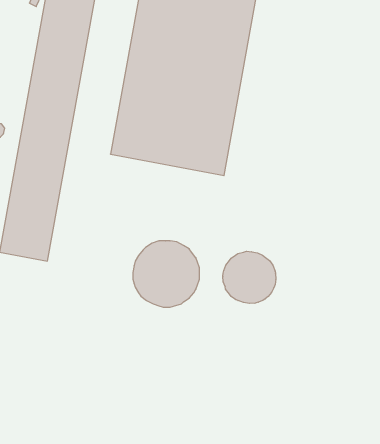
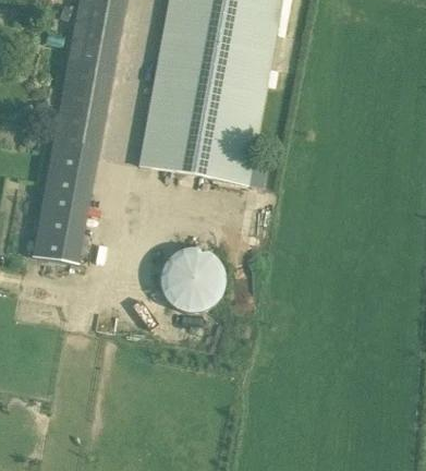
building: [223,251,276,303] -> none

